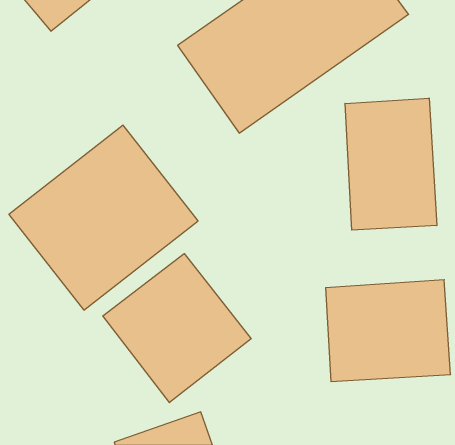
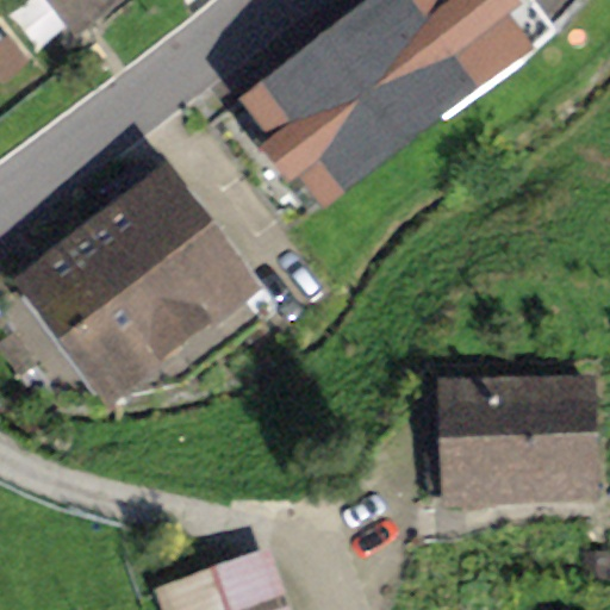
building: [345,98,437,230] -> none
building: [103,254,251,403] -> none

